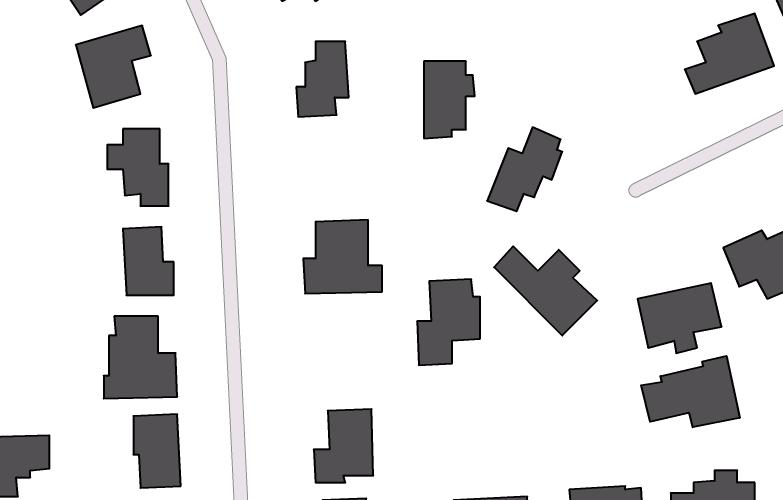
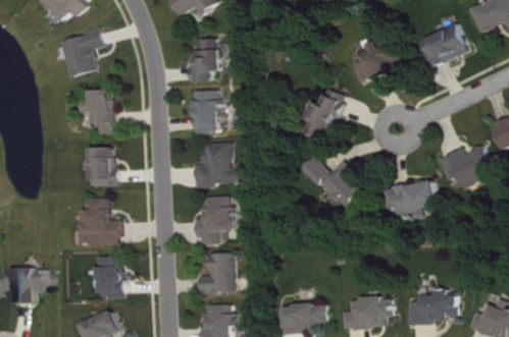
building: none -> [353,35,402,80]
building: [424,61,475,138] -> [195,90,224,134]
building: [417,279,480,365] -> [199,194,236,244]
building: [641,356,740,427] -> none

